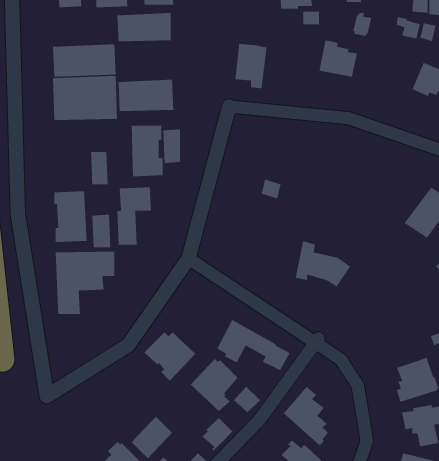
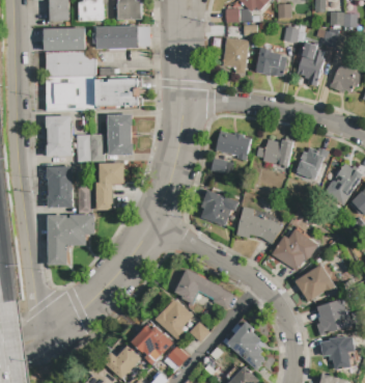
building: none -> [44,27,85,51]
building: none -> [297,42,324,85]
building: [235,43,267,89] -> [222,37,248,74]
building: none -> [45,116,71,156]
building: [163,129,181,164] -> [88,134,103,162]
building: none -> [215,131,250,161]
building: none -> [255,139,291,166]
building: none -> [296,146,327,180]
building: none -> [201,189,236,224]
building: none -> [271,228,316,271]
building: none -> [294,264,336,301]
building: [144,332,196,381] -> [130,325,171,364]

